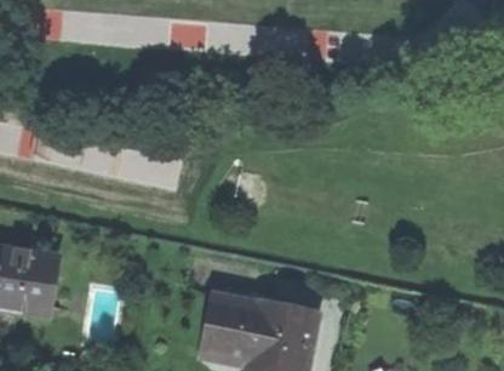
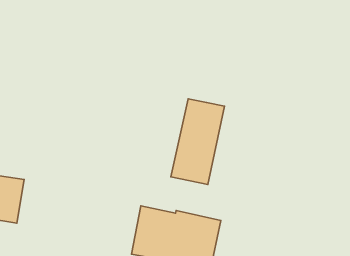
building: none -> [171,99,224,185]

